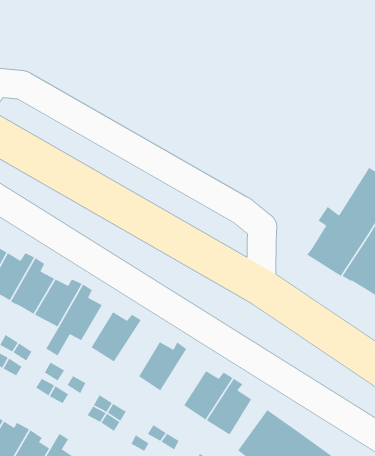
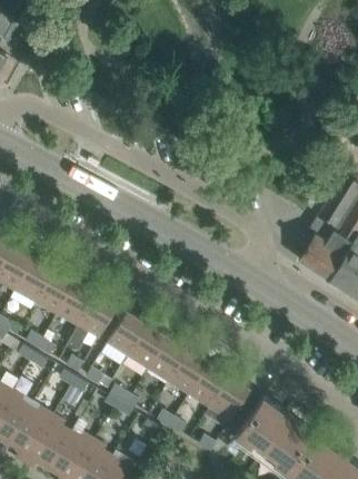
building: none -> [126,320,166,370]
building: none -> [167,345,207,395]

